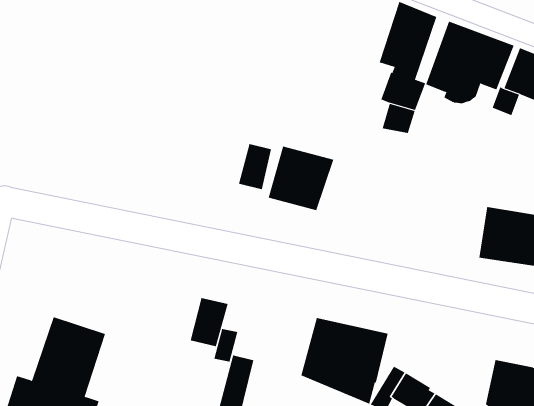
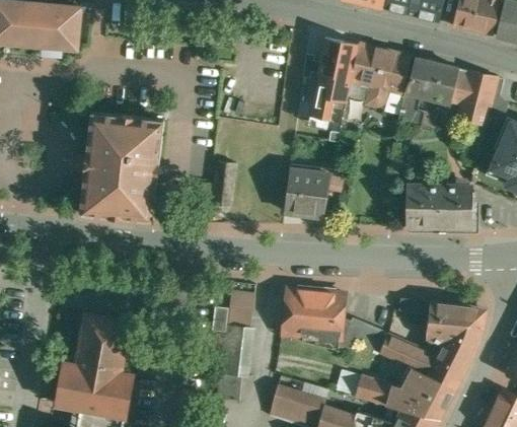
building: none -> [79,113,164,220]
building: [268,146,334,211] -> [284,169,331,216]
building: [190,298,229,347] -> [228,290,254,327]

